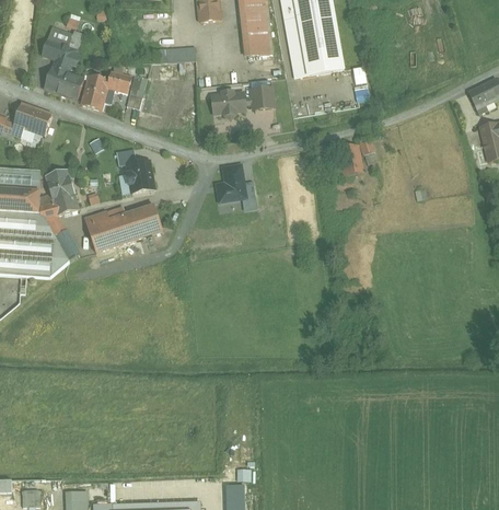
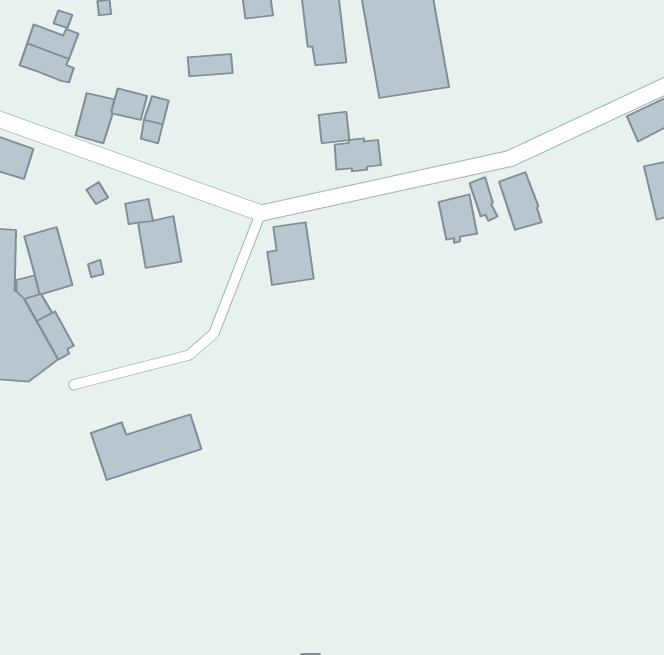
building: [43,58,82,98] -> none
building: [211,91,244,114] -> [335,138,381,171]
building: none -> [499,172,542,230]
building: [83,205,161,251] -> [91,415,201,480]

